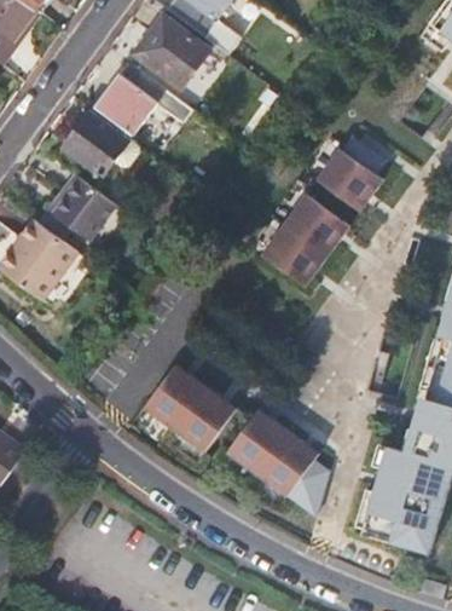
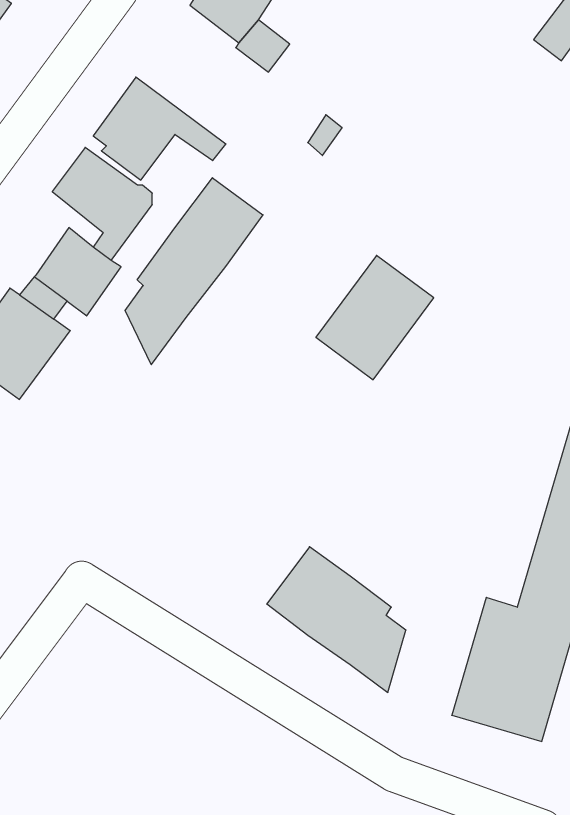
building: [139,15,208,86] -> none
building: [317,136,386,211] -> none
building: none -> [125,178,263,365]
building: [143,364,234,451] -> none

